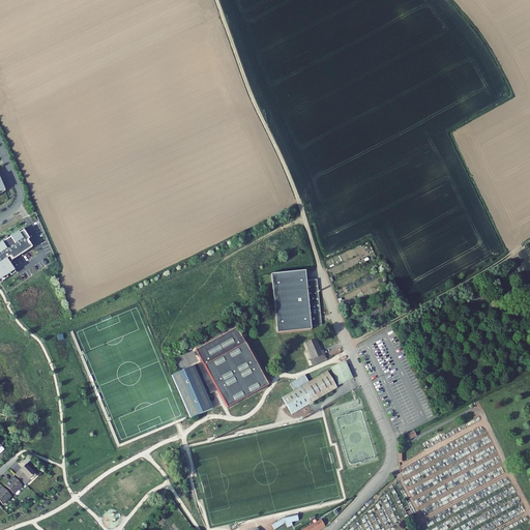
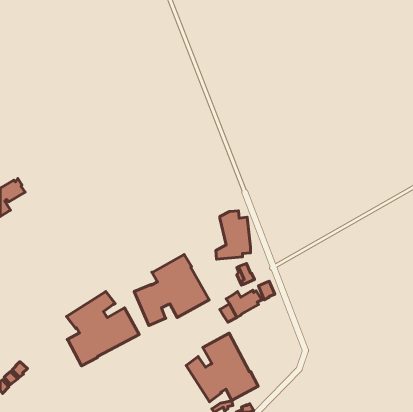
building: [271,271,294,321] -> none
building: none -> [67,291,139,366]
building: none -> [186,333,258,402]

